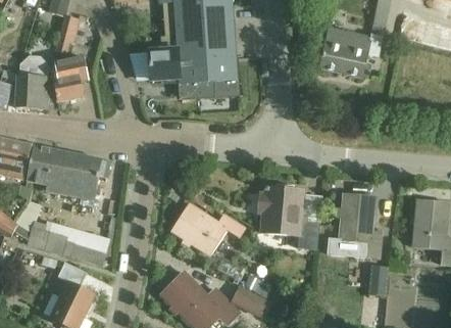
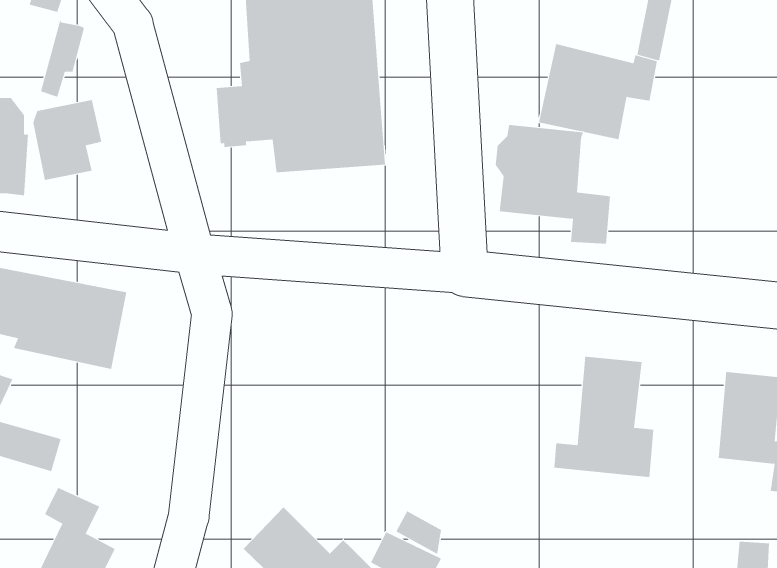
building: [258,186,319,249] -> [495,125,611,244]
building: [171,203,245,254] -> none
building: [63,234,106,264] -> none
building: [367,266,388,296] -> none

